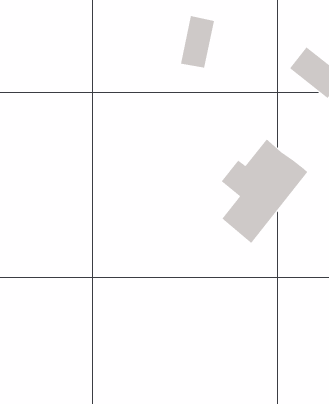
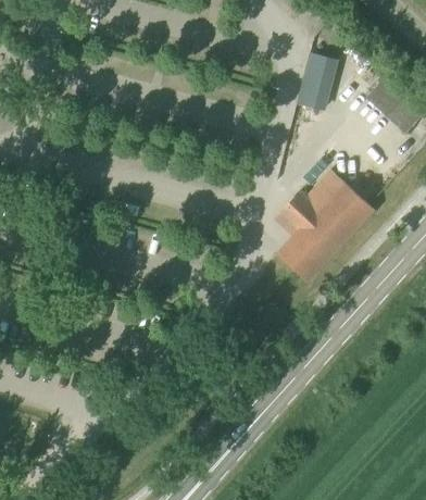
building: [180,15,215,68] -> [296,51,336,109]

